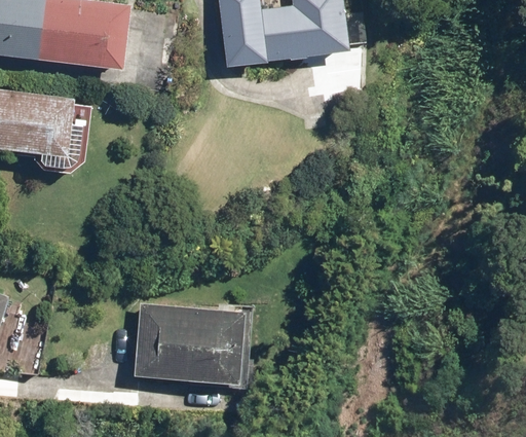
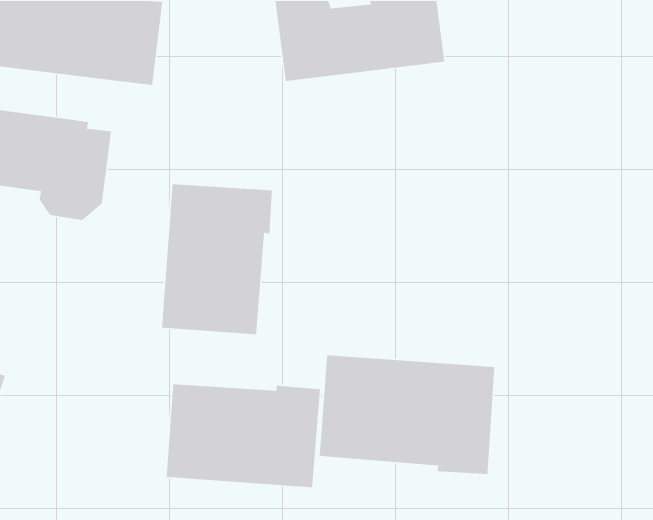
building: none -> [161,183,273,335]
building: none -> [319,354,495,475]

